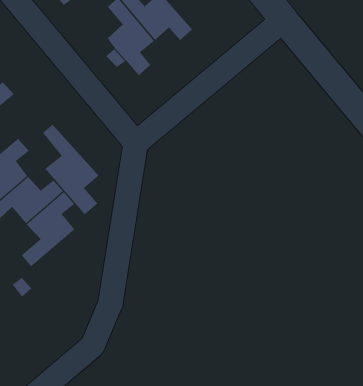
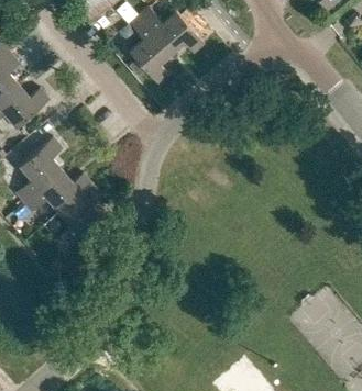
building: [42,124,100,215] -> none

